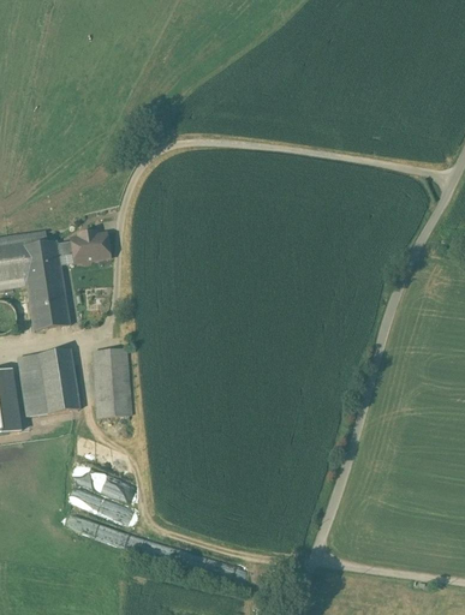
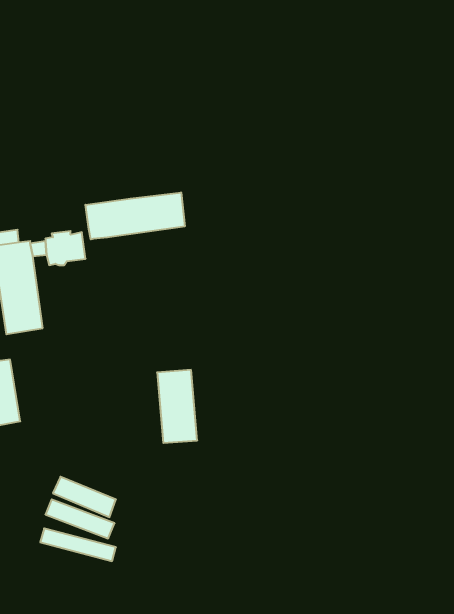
building: none -> [85,192,185,239]
building: [93,348,131,418] -> [157,370,197,443]
building: [37,350,79,413] -> none

